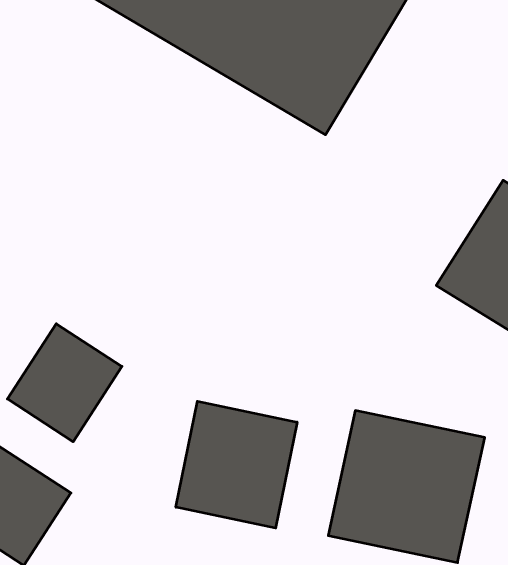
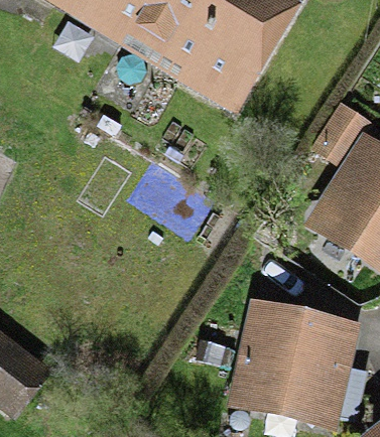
building: [7,324,122,442] -> none
building: [176,401,297,528] -> none

